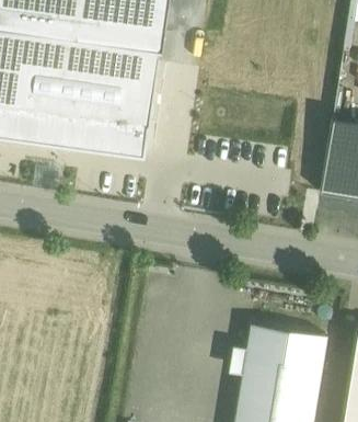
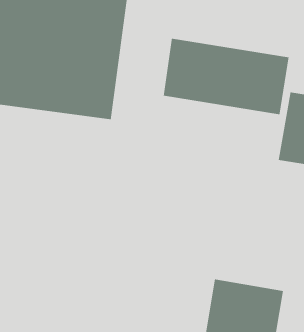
building: none -> [163,38,289,115]

